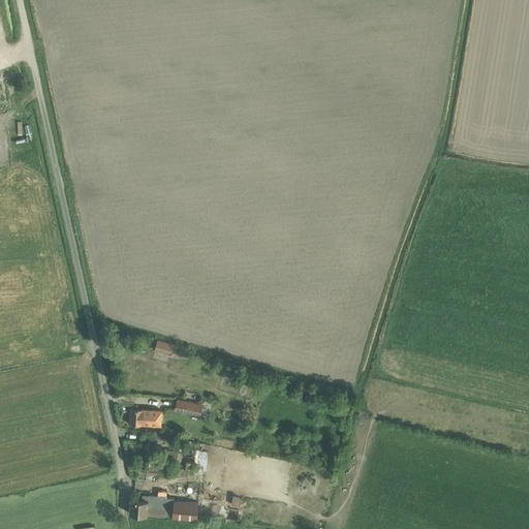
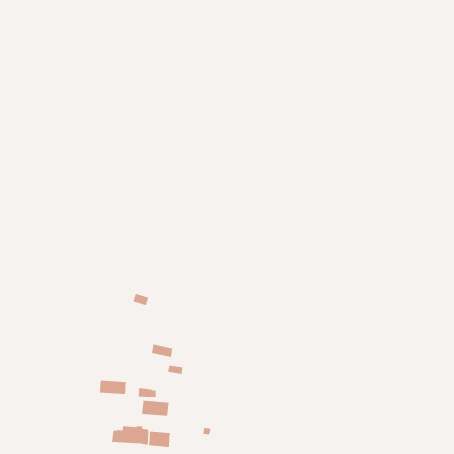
building: [129,409,161,427] -> [99,380,127,395]
building: none -> [141,400,170,417]

